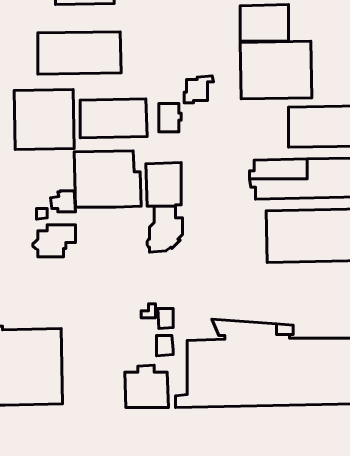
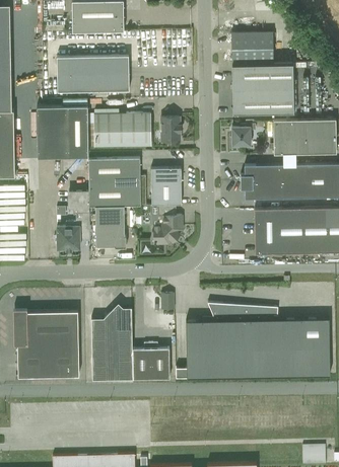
building: [184,76,213,103] -> [229,125,255,148]
building: none -> [94,207,126,248]
building: none -> [91,308,133,380]

